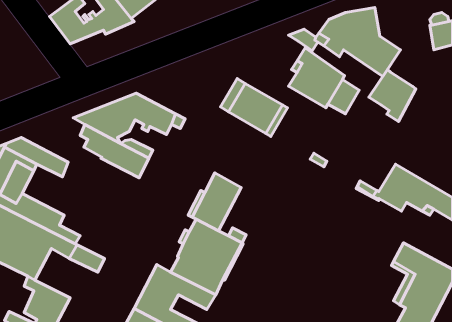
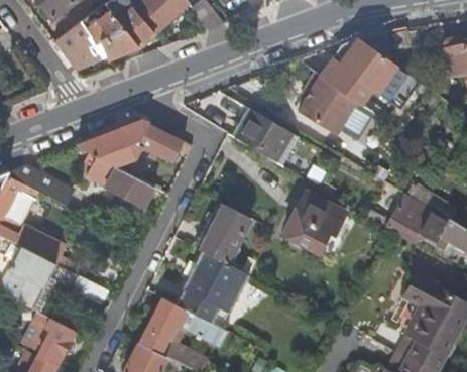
building: [369,70,416,122] -> none
building: none -> [281,191,346,261]

